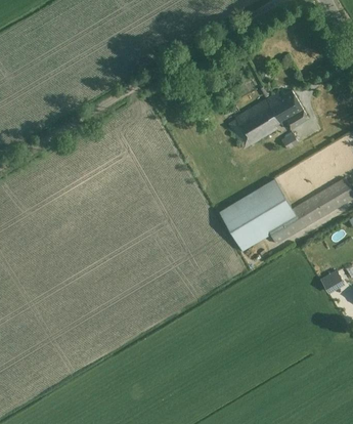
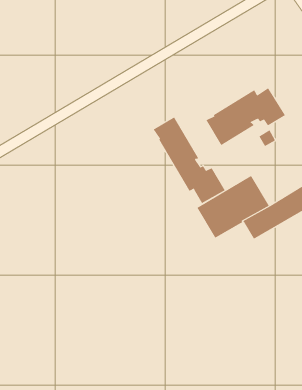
building: none -> [153,116,225,204]

